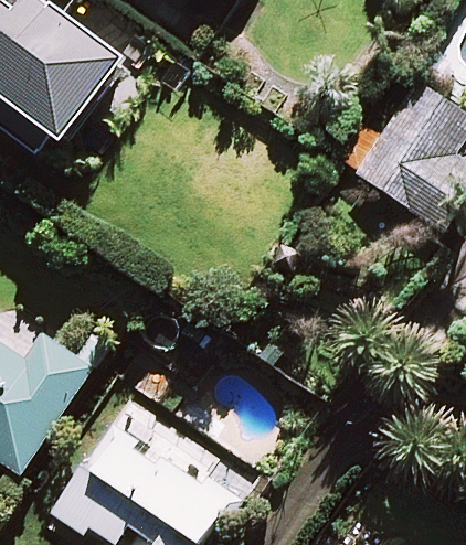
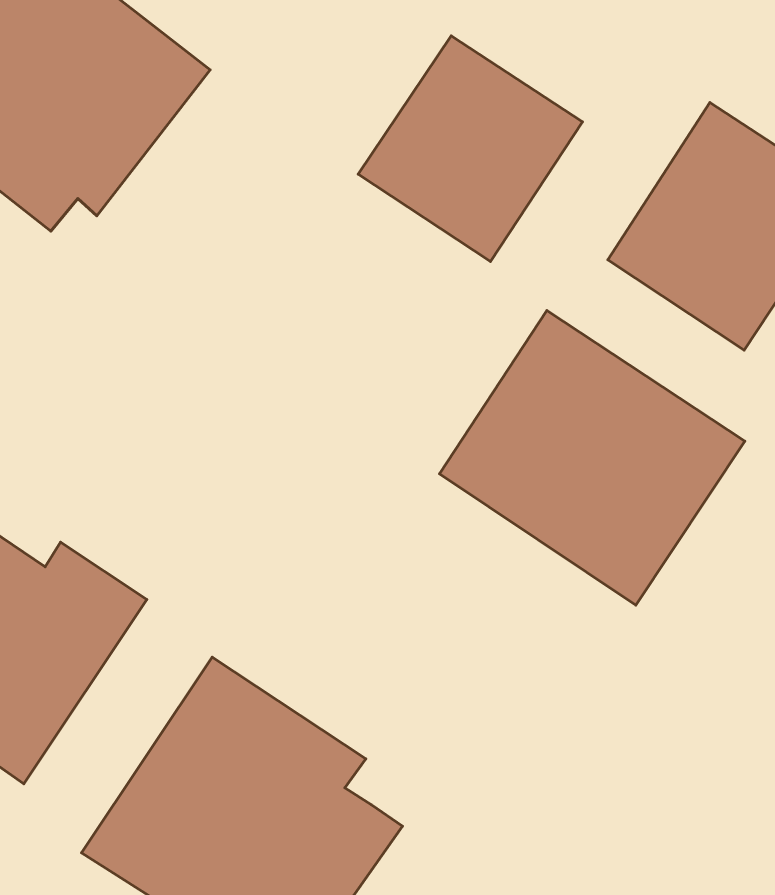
building: none -> [358,36,583,262]
building: none -> [440,311,745,605]

